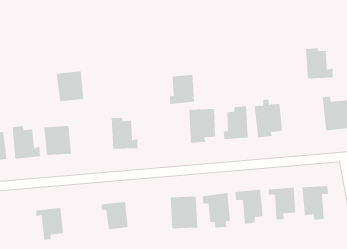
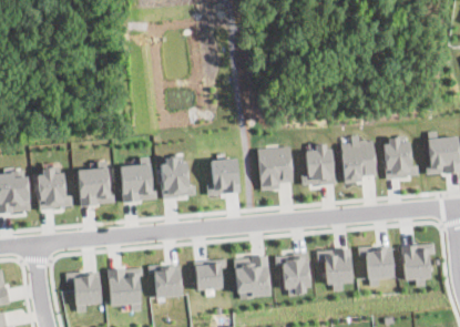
building: [305,48,334,79] -> [384,140,419,178]
building: [56,71,84,102] -> [119,164,154,203]
building: [169,74,195,105] -> [207,159,239,196]
building: none -> [194,259,226,292]
building: none -> [108,268,143,311]

